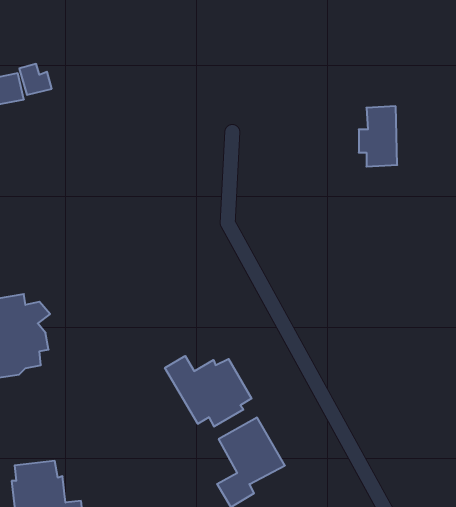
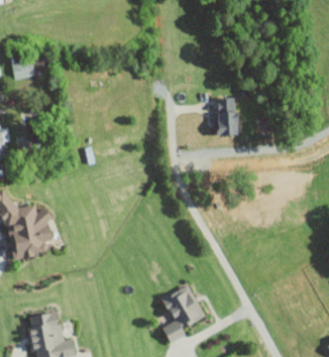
building: [359,106,397,167] -> [212,99,237,138]
building: [165,356,252,427] -> none

